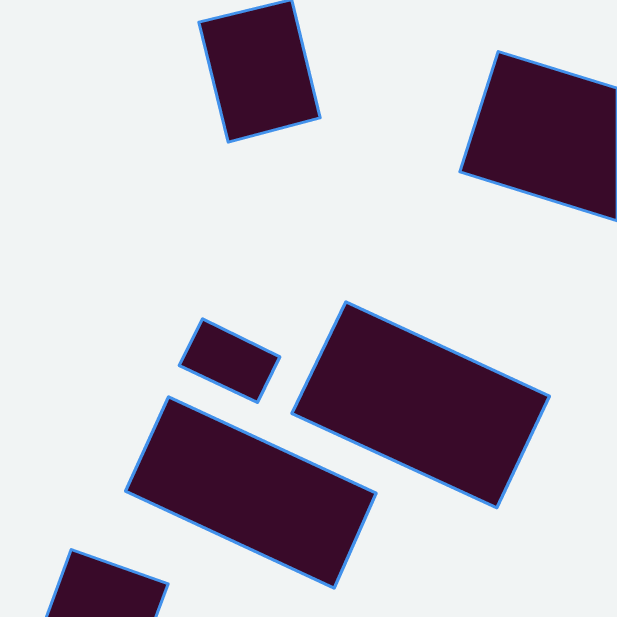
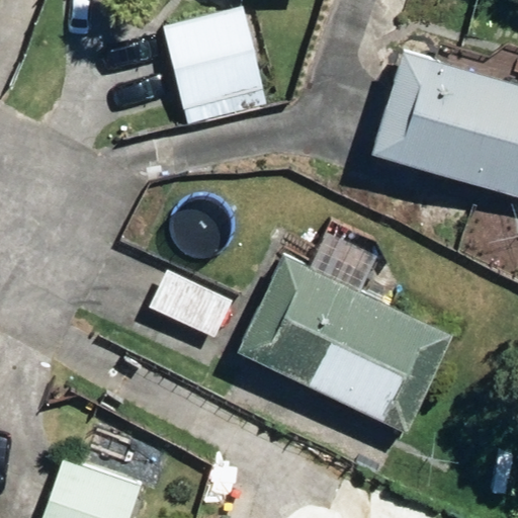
building: [126,397,376,588] -> none

